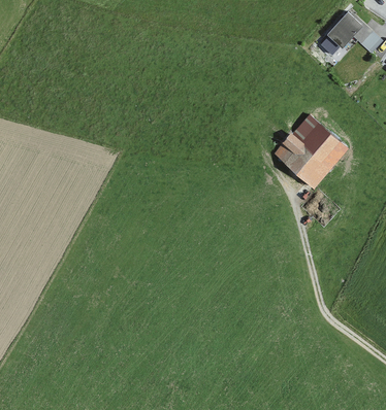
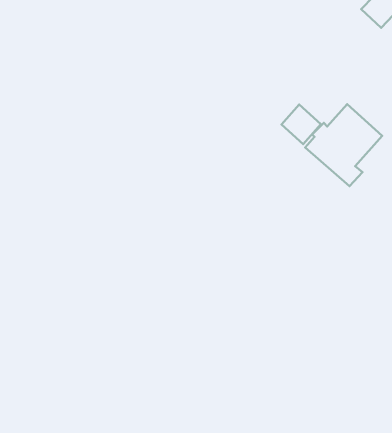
building: none -> [281,105,321,144]

